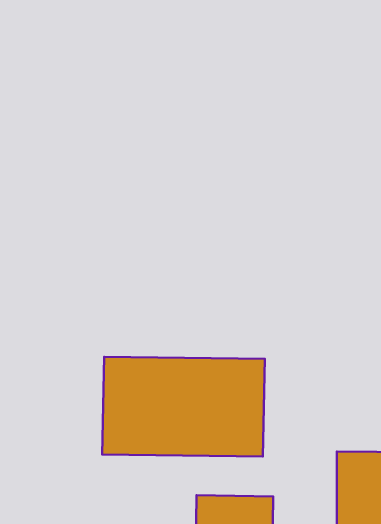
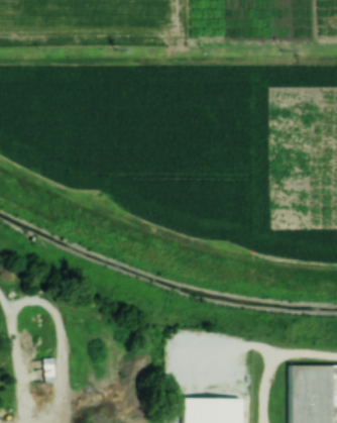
building: [102,357,265,456] -> none

